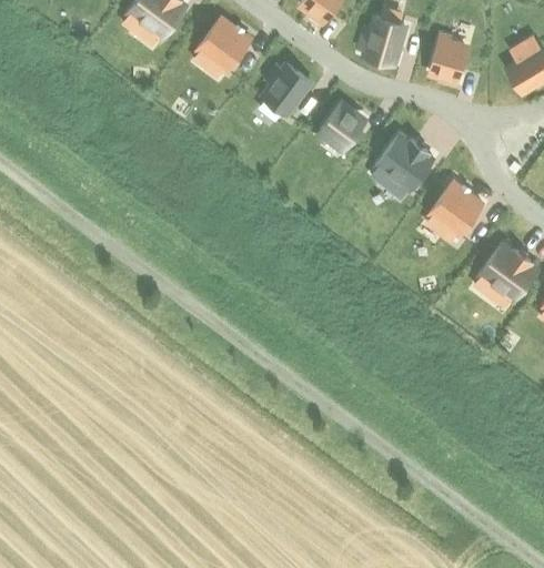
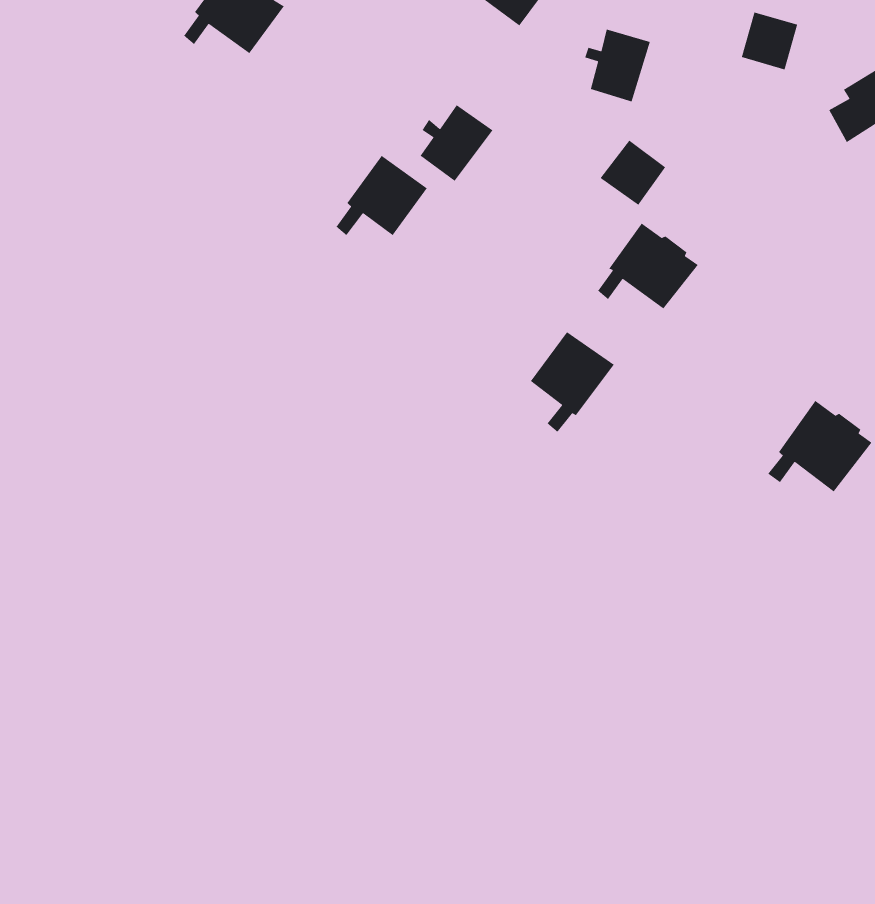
building: [192,19,248,68] -> [335,155,428,236]
building: [431,42,465,78] -> [741,11,798,71]
building: [321,106,361,146] -> [600,139,666,206]
building: [431,183,482,244] -> [530,331,615,433]

